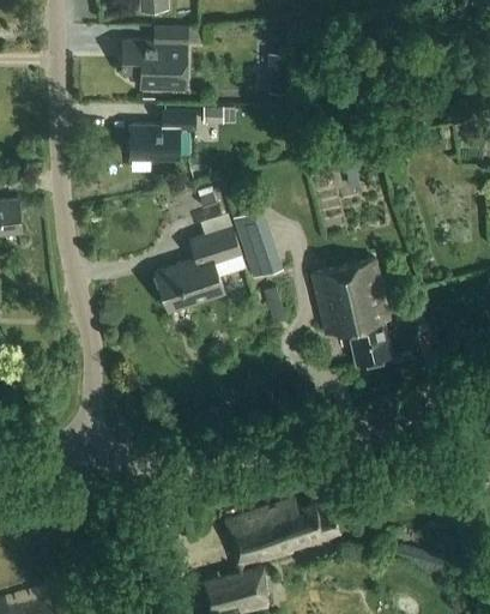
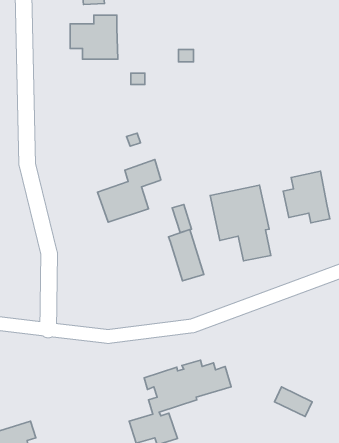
building: [128,109,193,159] -> none
building: [234,210,282,279] -> [169,230,204,281]
building: none -> [283,171,330,223]

